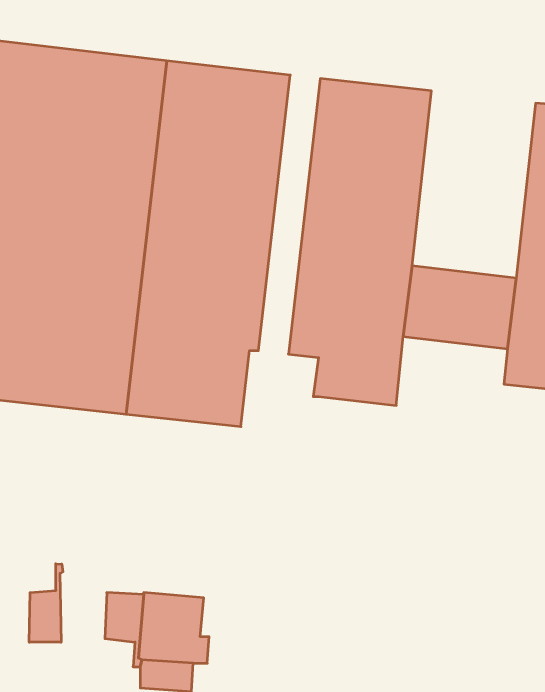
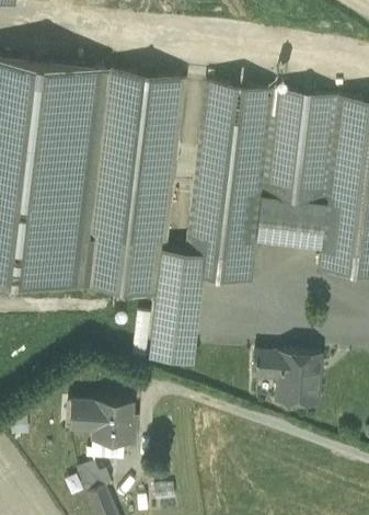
building: none -> [261,91,337,207]
building: none -> [148,252,203,367]
building: none -> [253,355,319,407]
building: [29,564,63,642] -> none

